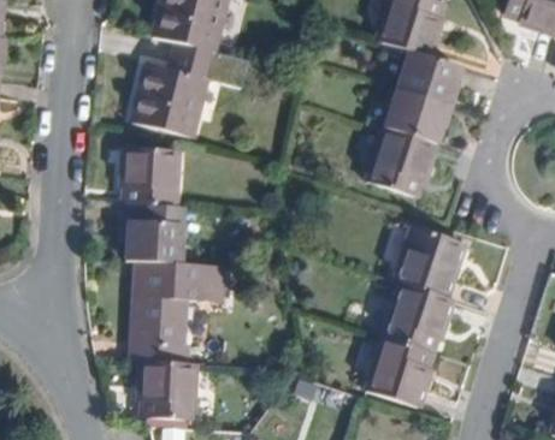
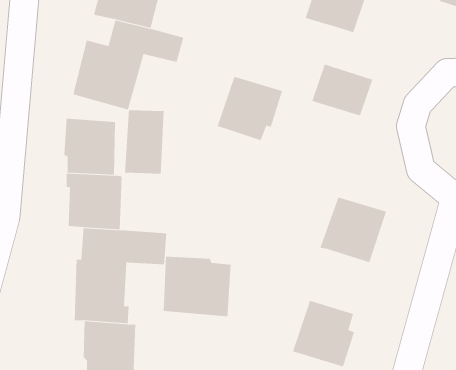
building: [397,49,461,105] -> none
building: [366,127,436,196] -> [217,76,283,141]
building: none -> [125,110,164,174]
building: [382,284,453,352] -> none
building: none -> [163,256,231,317]

